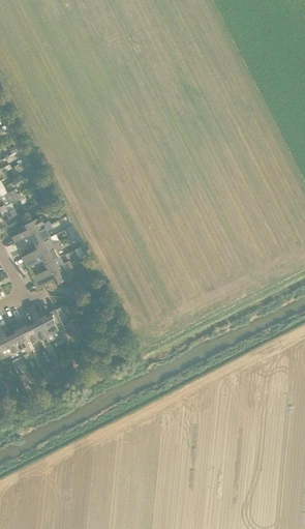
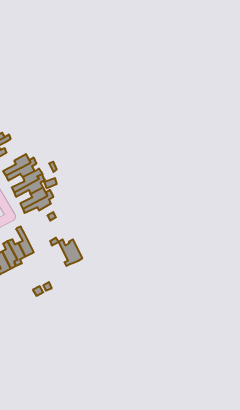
building: [36,310,65,342] -> [59,239,82,266]

